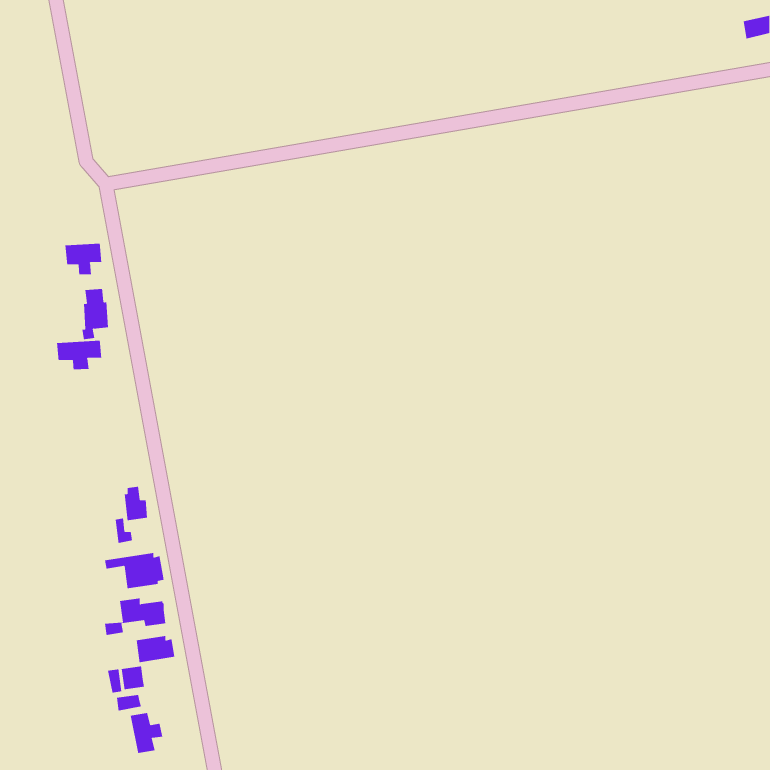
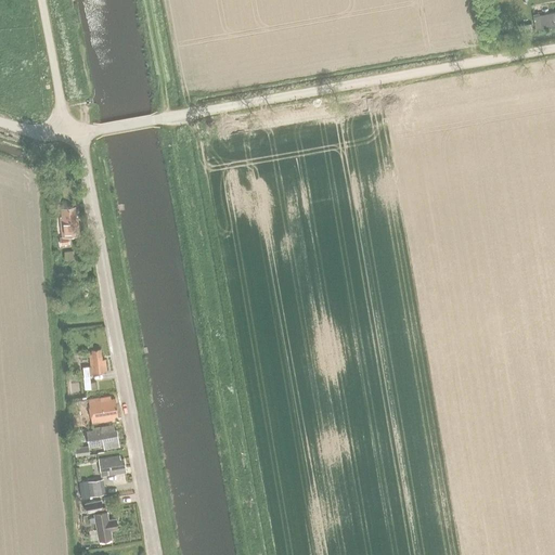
building: [65,243,102,275] -> none
building: [56,340,102,370] -> none

